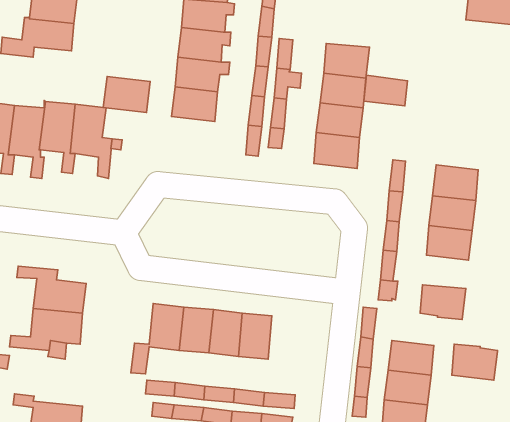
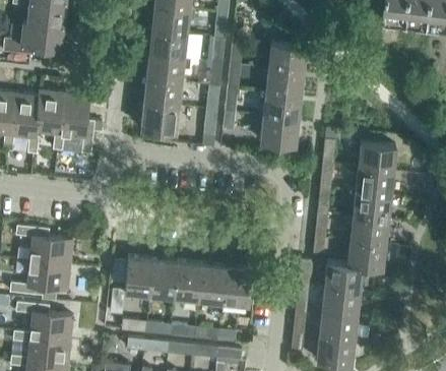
building: [364,75,407,106] -> none
building: [103,77,150,112] -> [140,103,179,132]
building: none -> [349,217,387,244]
building: none -> [222,266,251,305]
building: [452,344,498,380] -> [324,261,362,291]
building: none -> [16,302,73,341]

